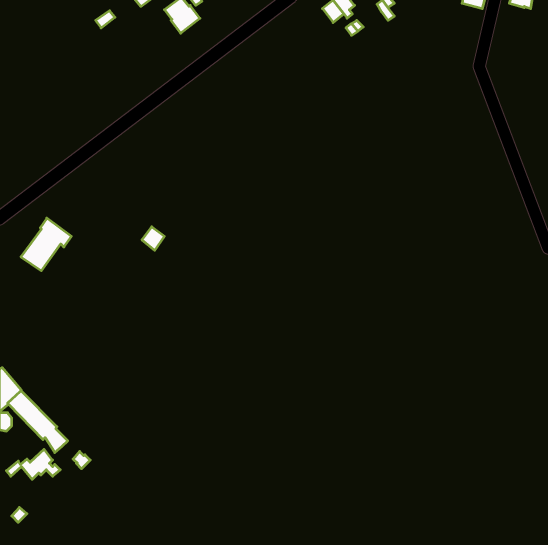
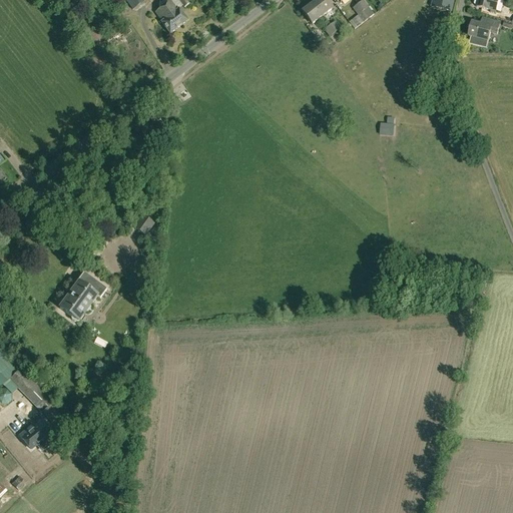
building: none -> [468,15,500,45]
building: [21,218,71,271] -> [58,270,105,319]

